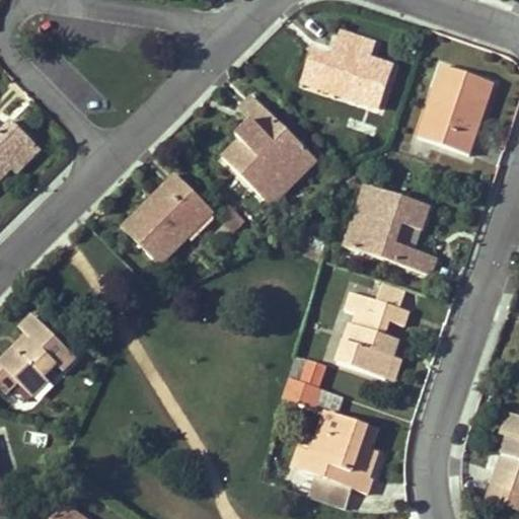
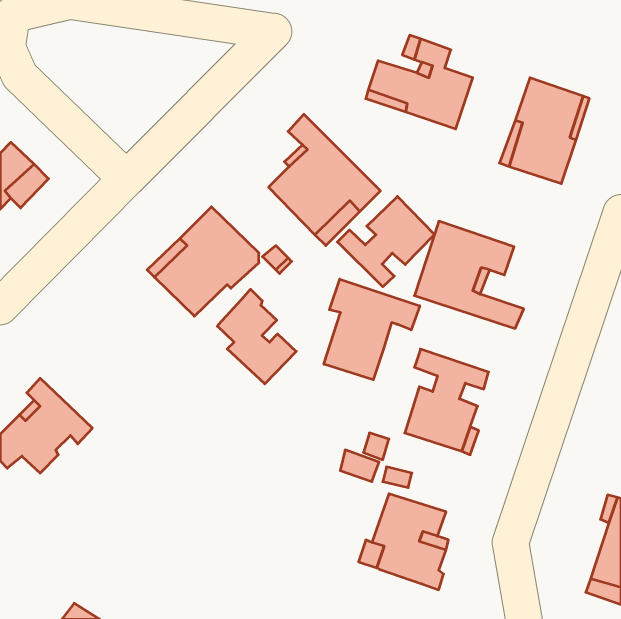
building: none -> [337,196,434,287]
building: none -> [324,279,420,380]
building: none -> [217,289,296,384]
building: [309,474,352,507] -> none

